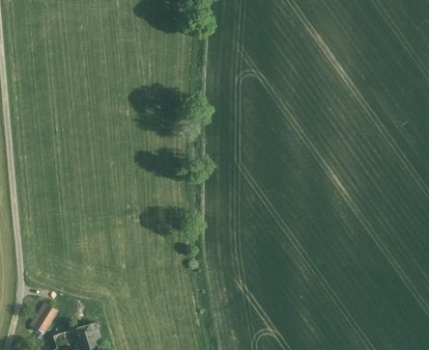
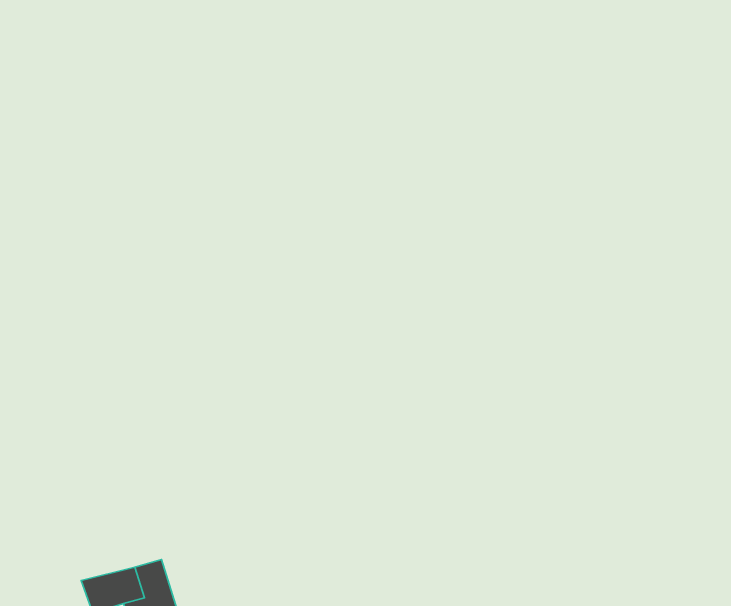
building: [30,303,57,332] -> none

